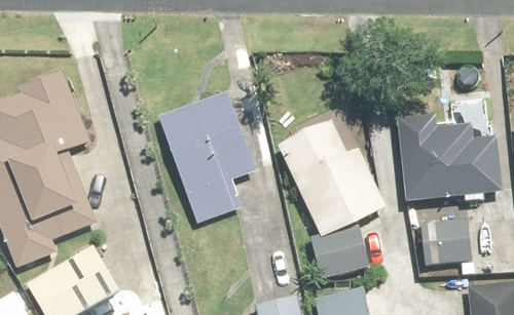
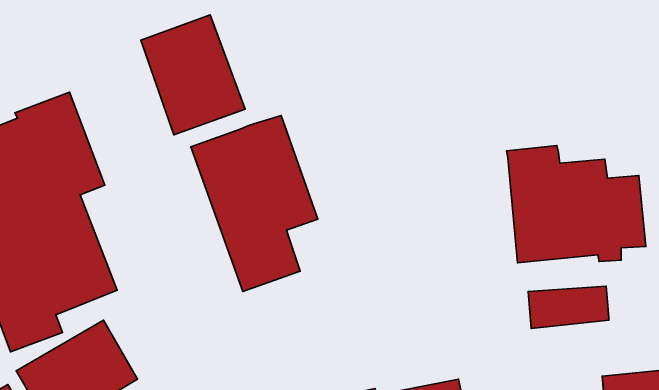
building: none -> [141,15,245,135]
building: [283,123,392,278] -> none

